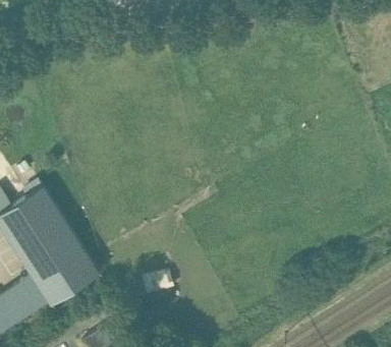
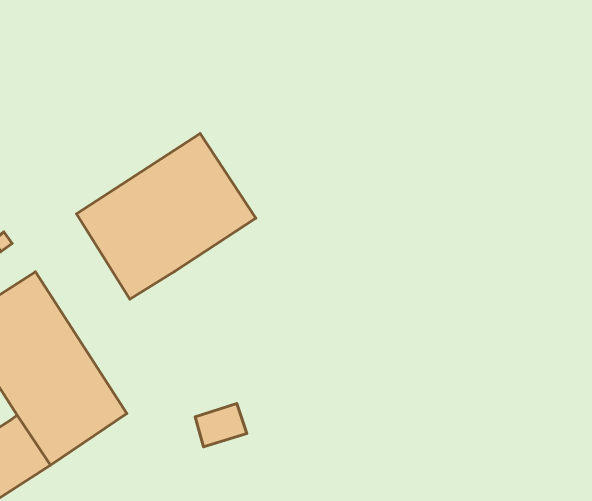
building: none -> [76,133,256,299]

